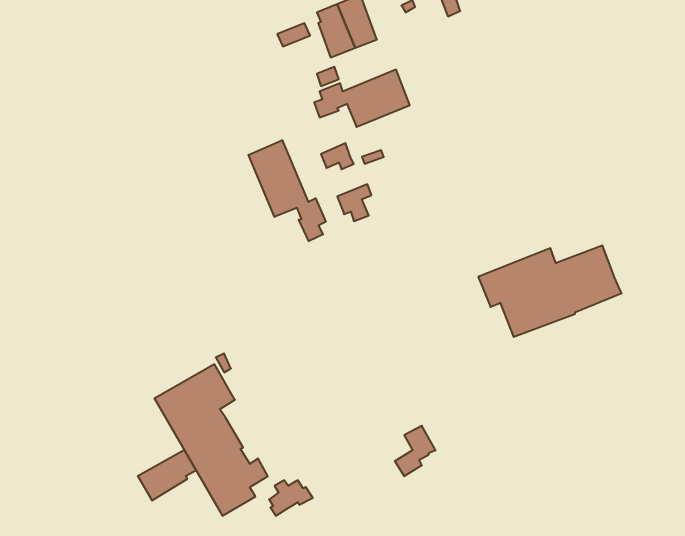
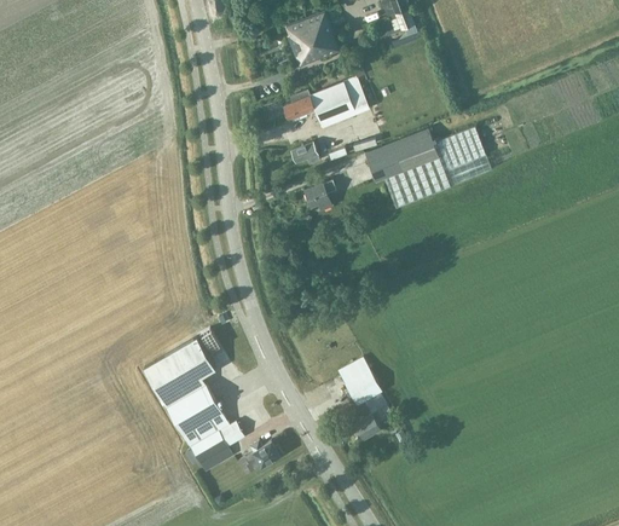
building: [248,140,326,241] -> none
building: [478,245,622,337] -> [364,127,491,208]
building: none -> [337,358,382,406]
building: [138,450,196,501] -> none

